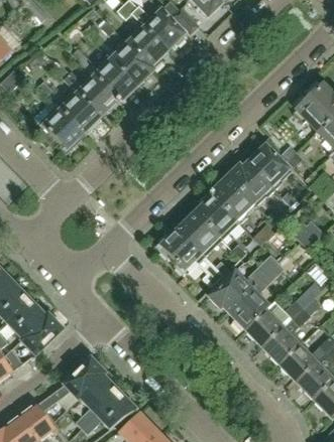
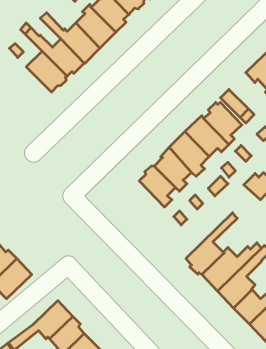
building: [36,101,84,150] -> none
building: [160,229,206,274] -> none
building: [209,256,280,312] -> none

